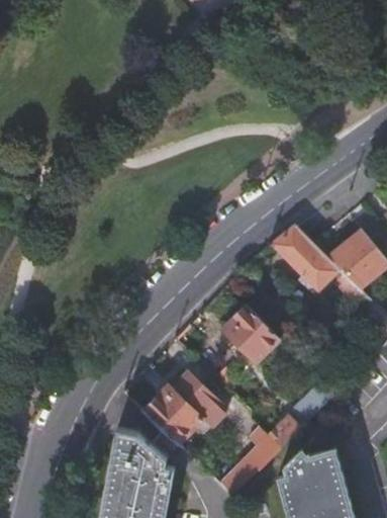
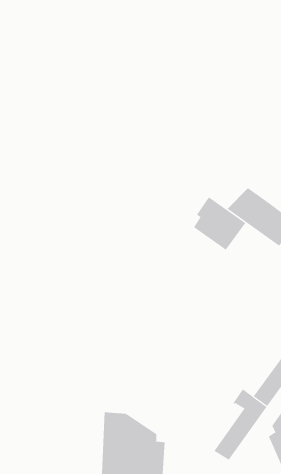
building: [226,306,280,362] -> [193,196,246,251]
building: [144,372,226,443] -> none

